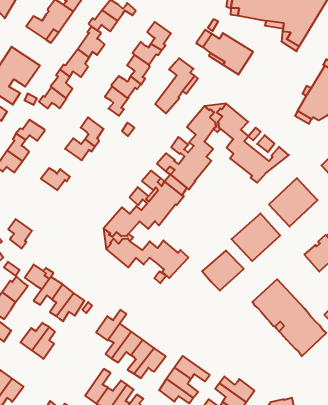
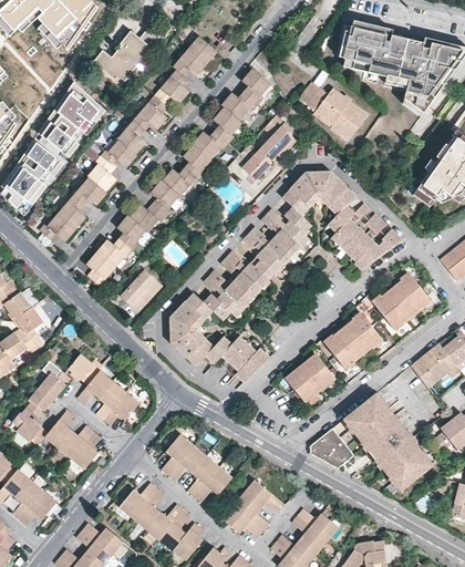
building: none -> [89,155,116,189]
building: none -> [162,167,198,195]
building: none -> [117,213,146,249]
building: none -> [123,271,161,310]
building: [8,219,32,249] -> [87,249,116,286]
building: [96,310,126,341] -> [118,482,157,518]
building: none -> [310,427,354,468]
building: none -> [44,410,75,447]

